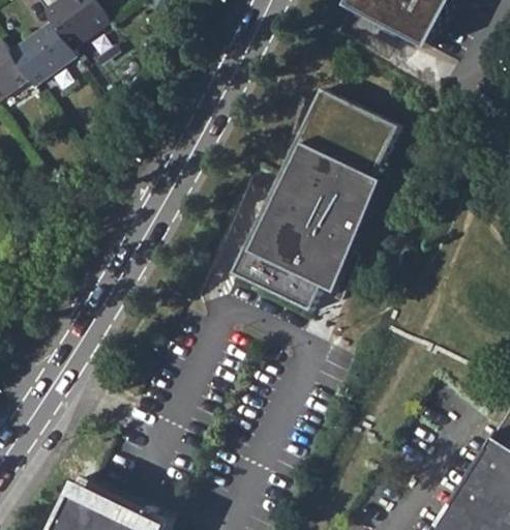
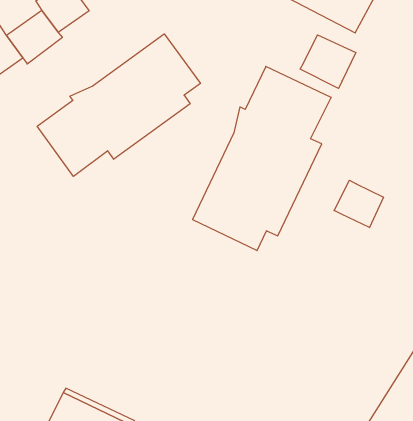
building: none -> [37,34,200,176]
building: none -> [300,35,356,88]
building: none -> [334,180,383,228]

